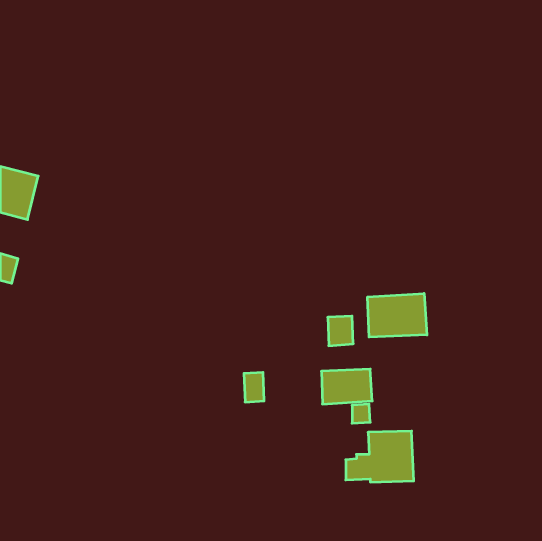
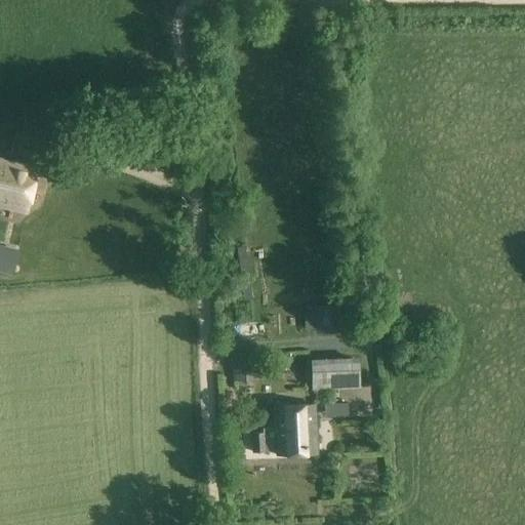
building: [368,293,427,337] -> none
building: [346,431,414,482] -> [252,406,318,455]

